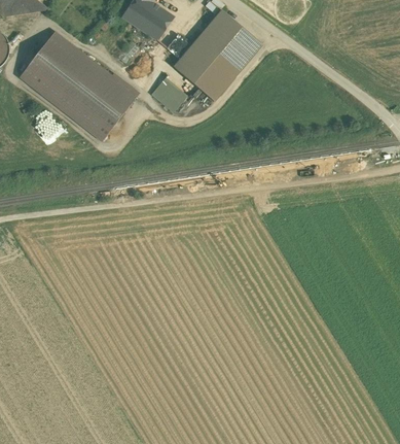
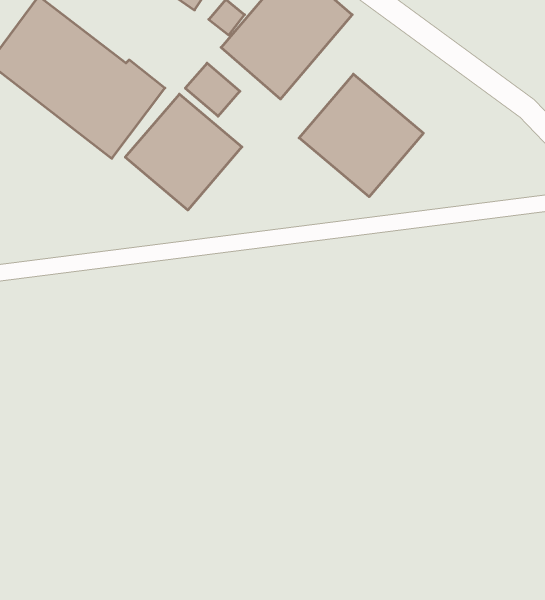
building: none -> [299,74,423,197]
building: none -> [125,94,242,210]

